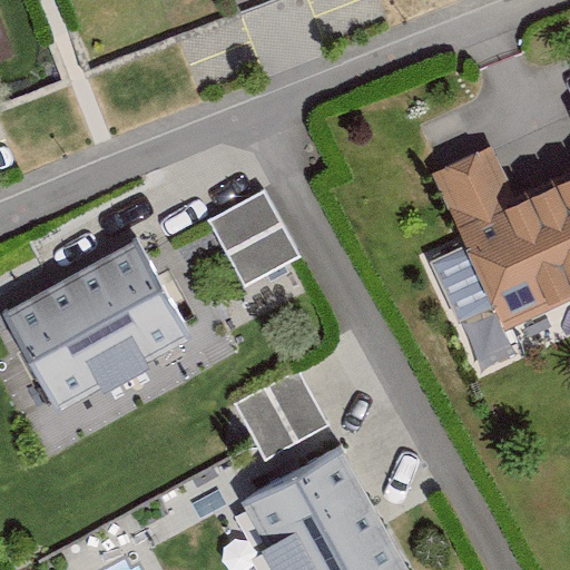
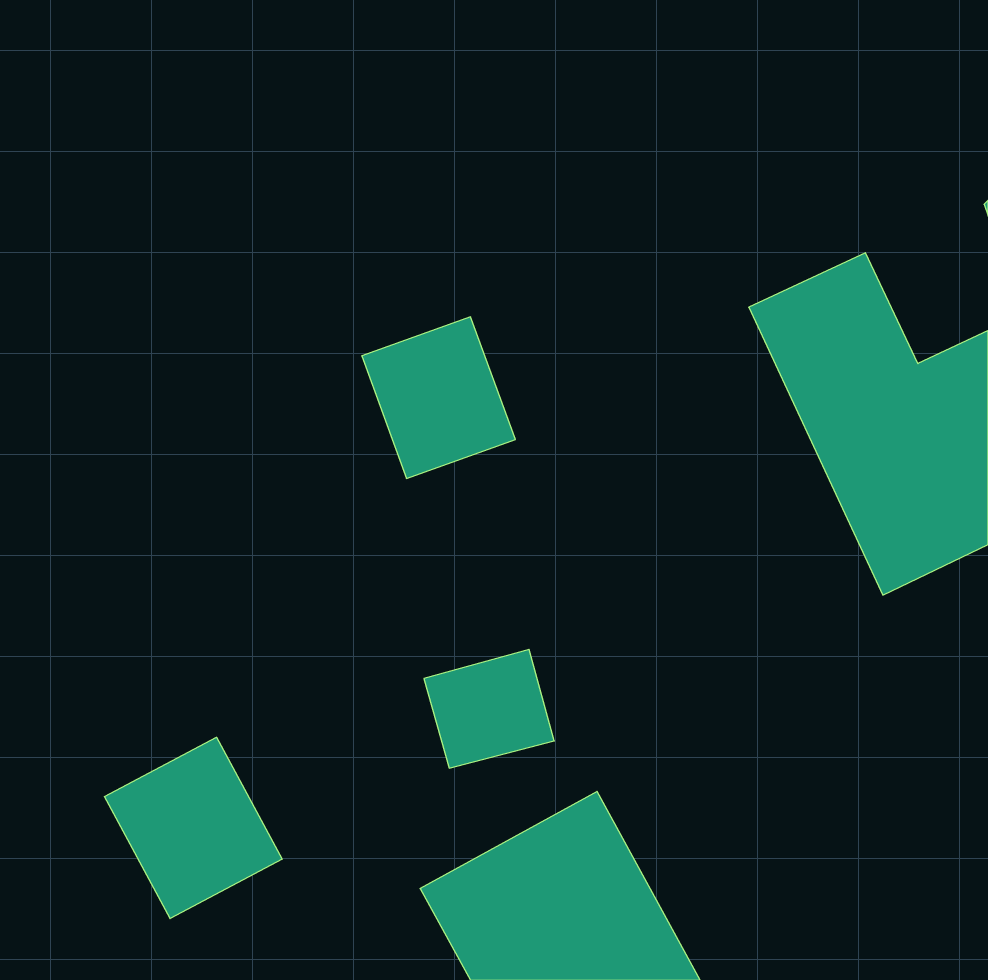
building: [6,252,187,415] -> none
building: none -> [104,737,282,919]

